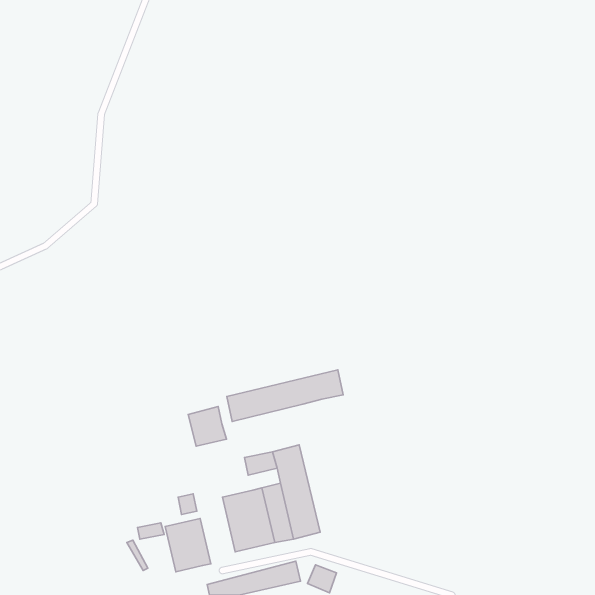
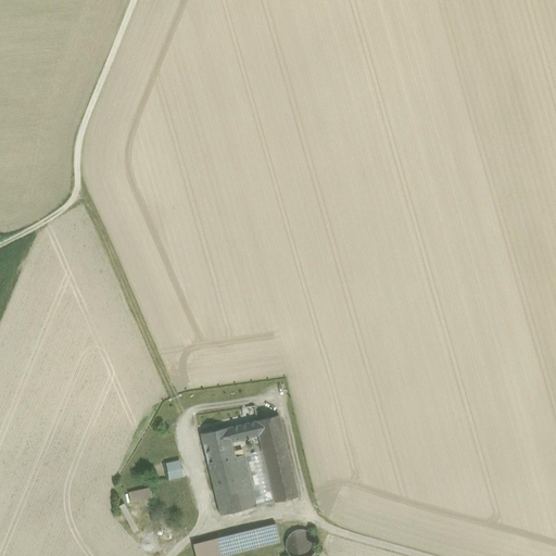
building: [227,370,343,422] -> none
building: [188,406,226,446] -> [200,427,236,464]
building: [165,518,211,572] -> none

